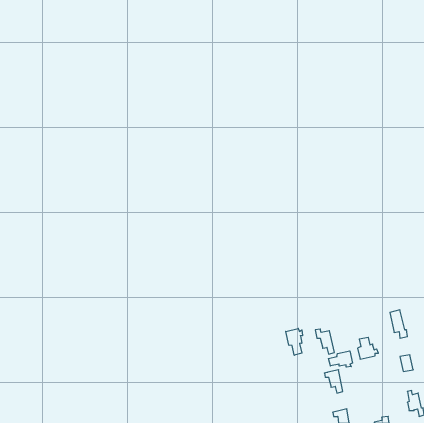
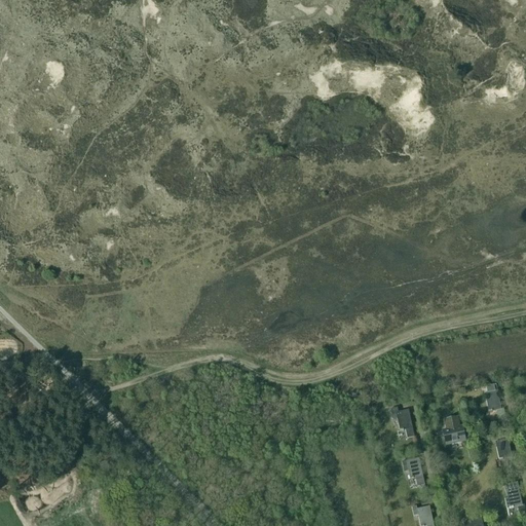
building: [286,328,303,355] -> none
building: [328,351,352,367] -> none

